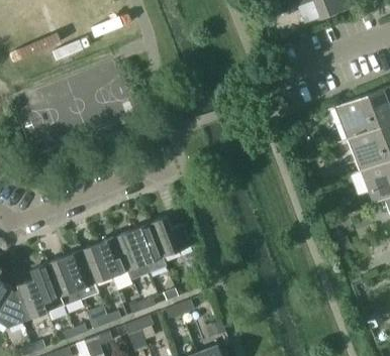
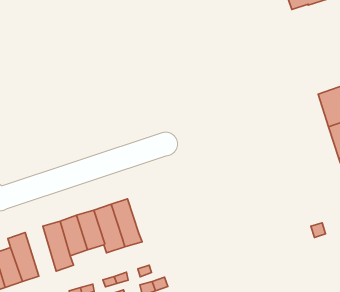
building: [150,216,193,257] -> none
building: [48,255,82,306] -> none

